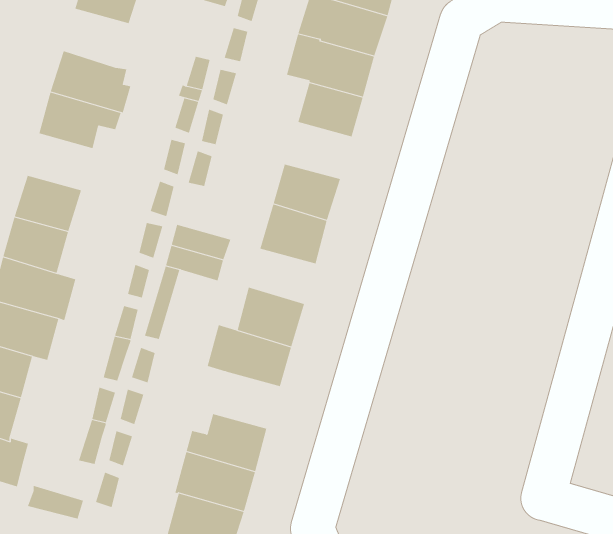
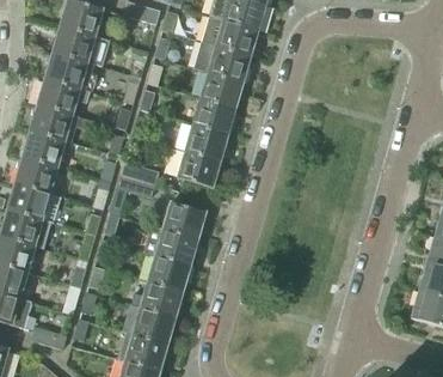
building: none -> [54,24,110,63]
building: none -> [193,96,236,132]
building: none -> [31,103,79,141]
building: none -> [148,254,191,290]

